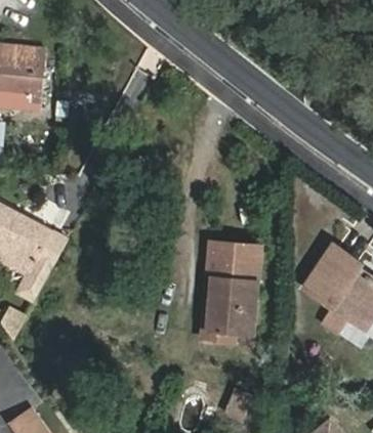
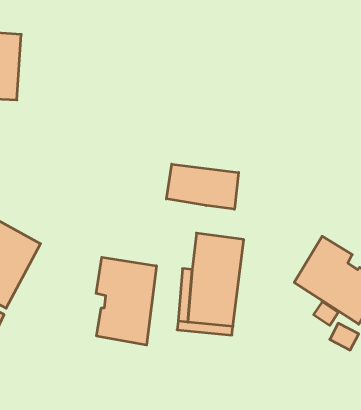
building: none -> [166,164,239,209]
building: none -> [96,257,156,345]

